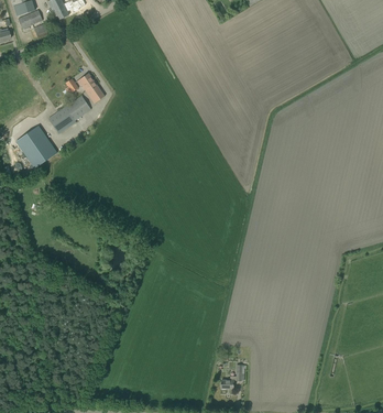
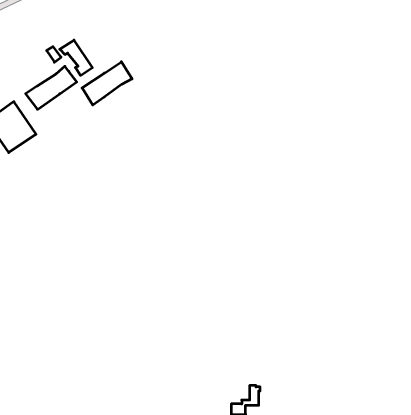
building: none -> [82,62,132,105]

